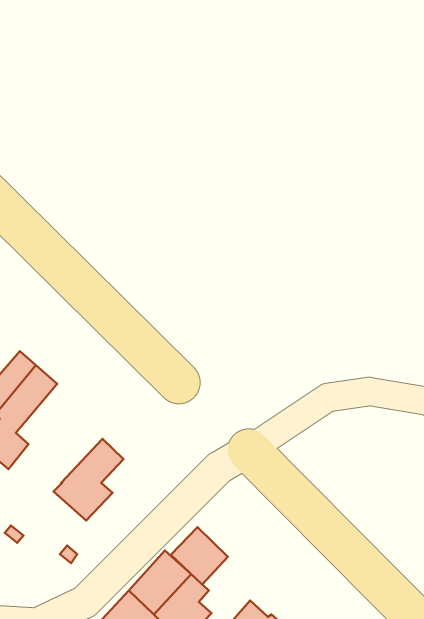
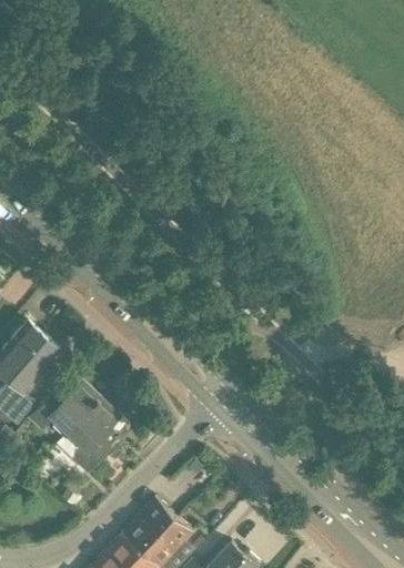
building: none -> [28,381,100,438]
building: [171,527,228,584] -> none

